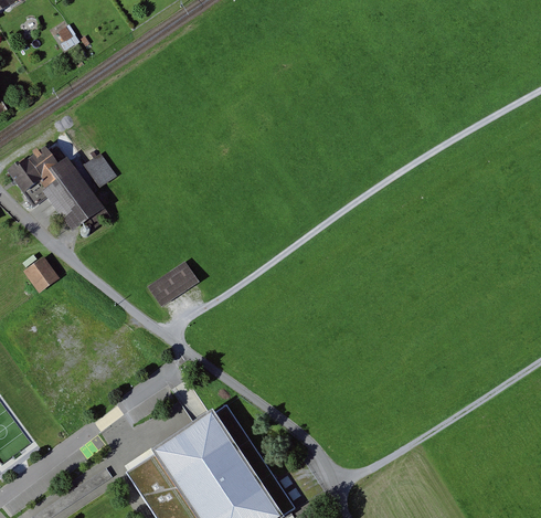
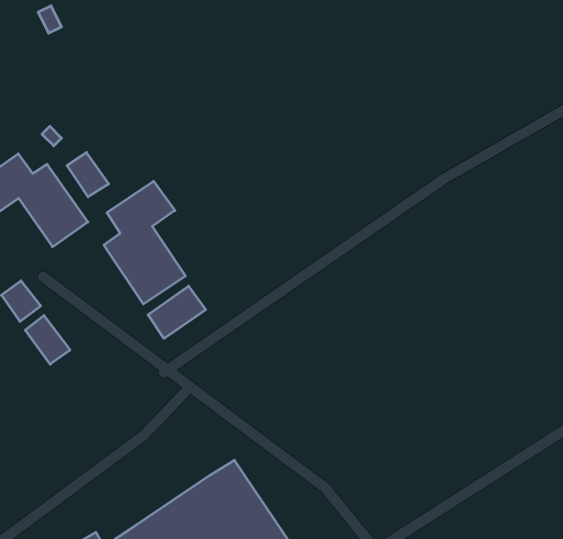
building: none -> [104,181,185,304]
building: none -> [25,315,70,364]

